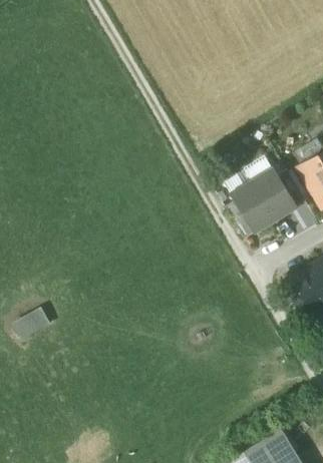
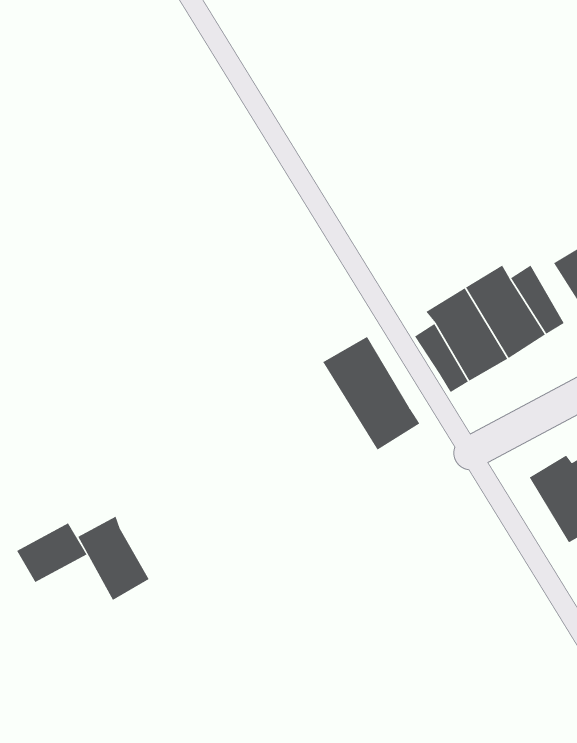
building: none -> [323,336,420,450]
building: none -> [78,516,150,601]

